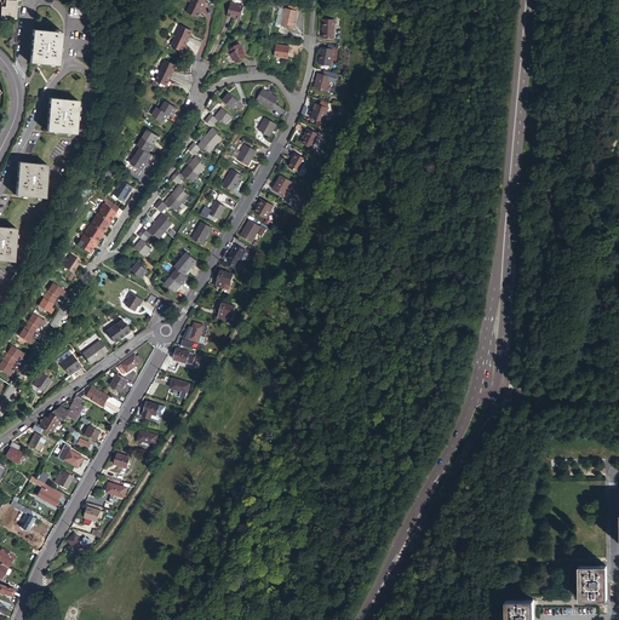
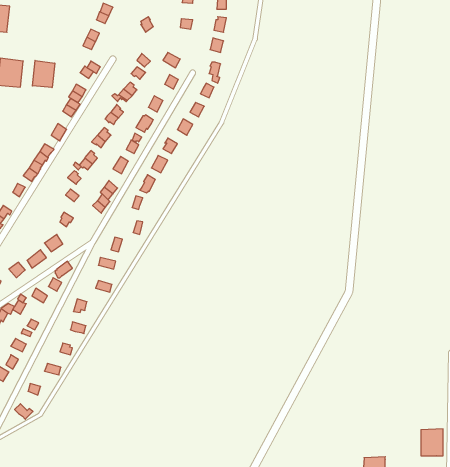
building: none -> [32,60,55,88]

